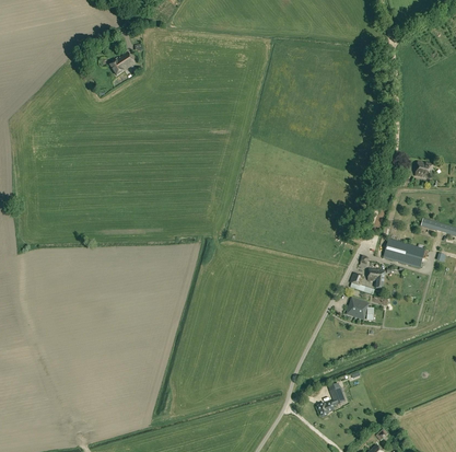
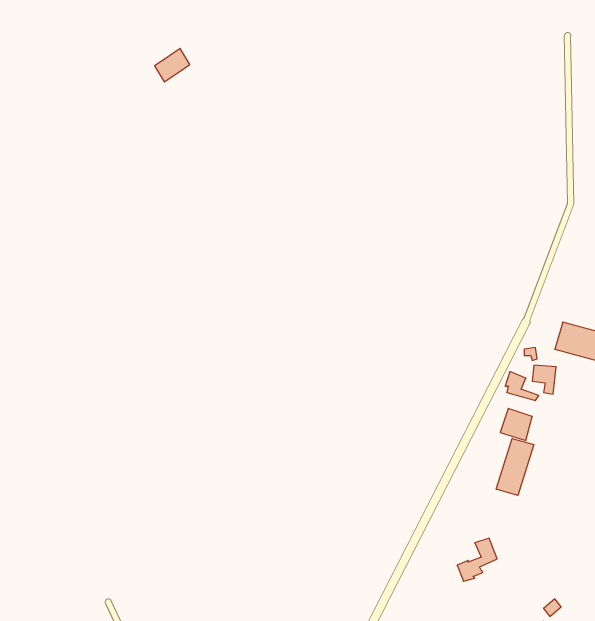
building: none -> [496,438,534,495]

